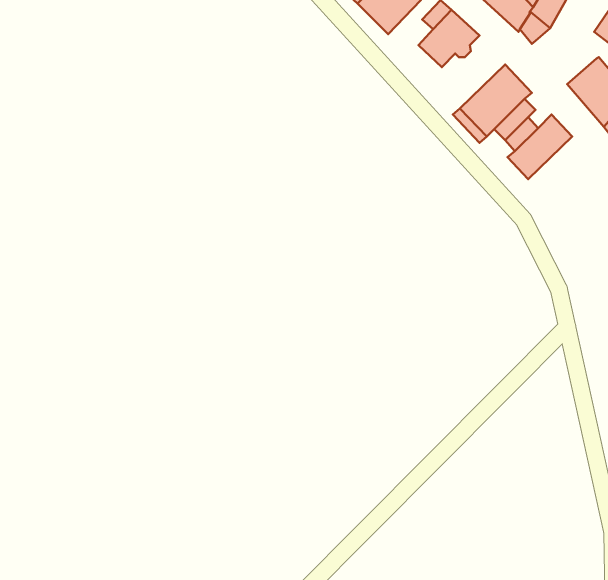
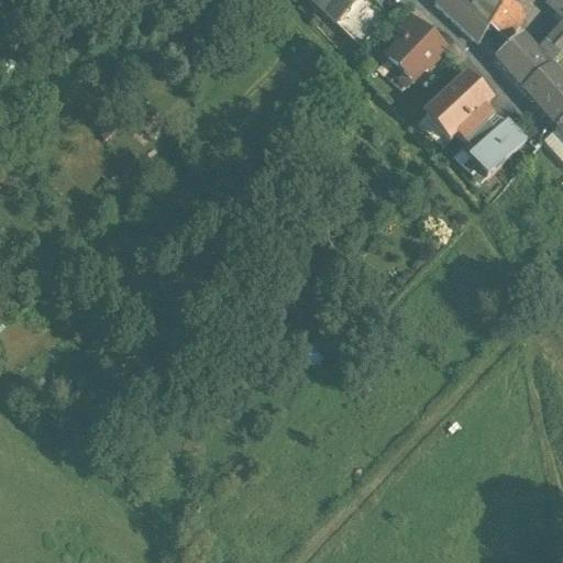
building: none -> [495,31,550,87]

